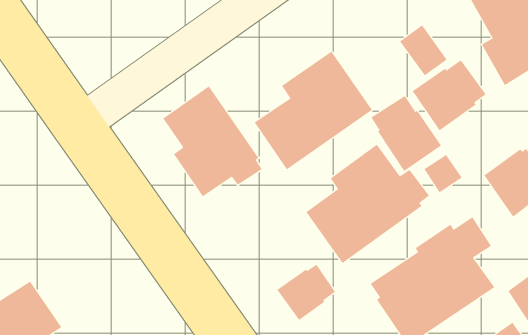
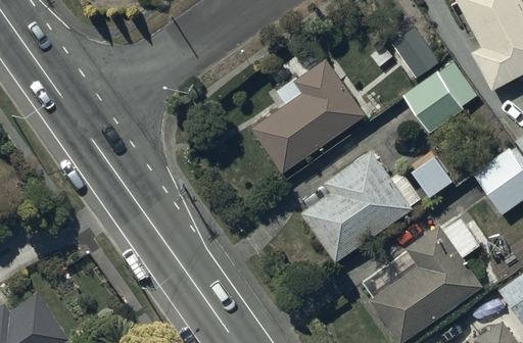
building: [163,86,262,197] -> none
building: [371,95,442,172] -> none
building: [276,264,336,321] -> none

